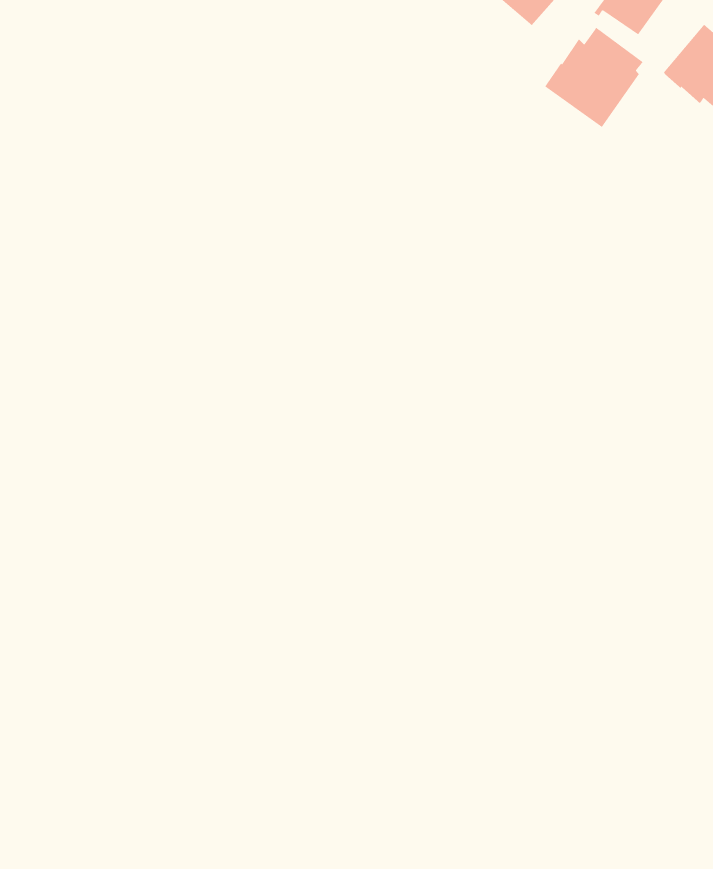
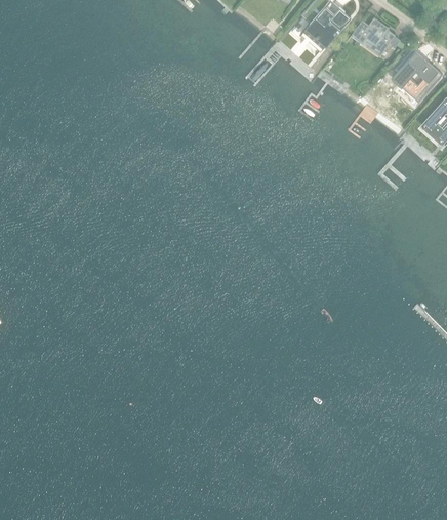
building: [544,27,644,128] -> none

